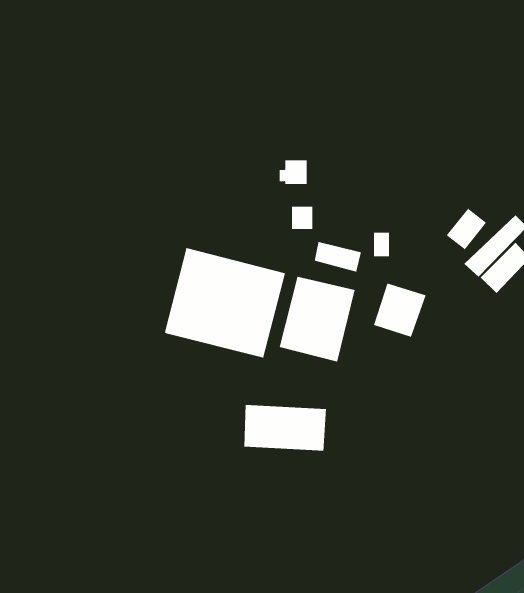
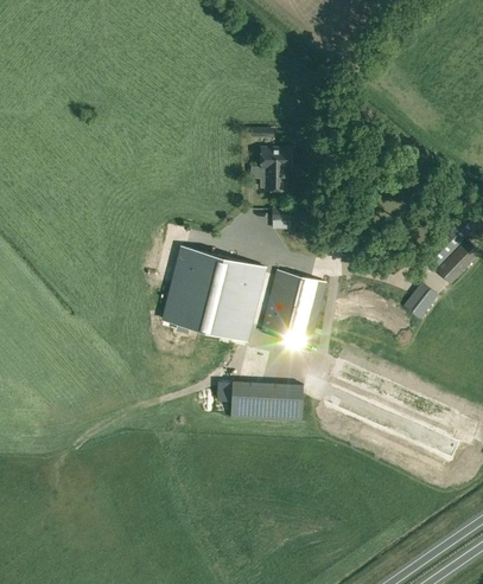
building: none -> [261,148,291,169]
building: [446,208,487,250] -> [403,282,439,319]
building: [314,241,362,272] -> none

